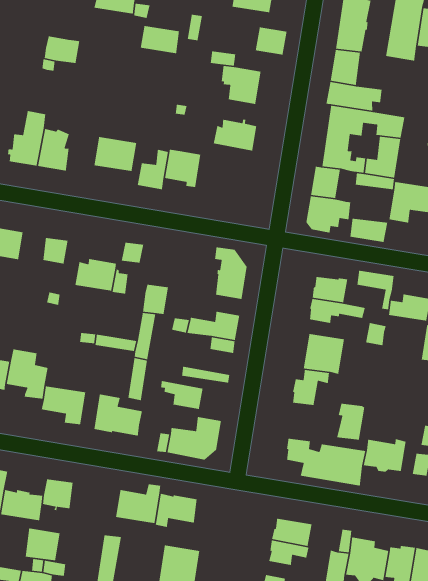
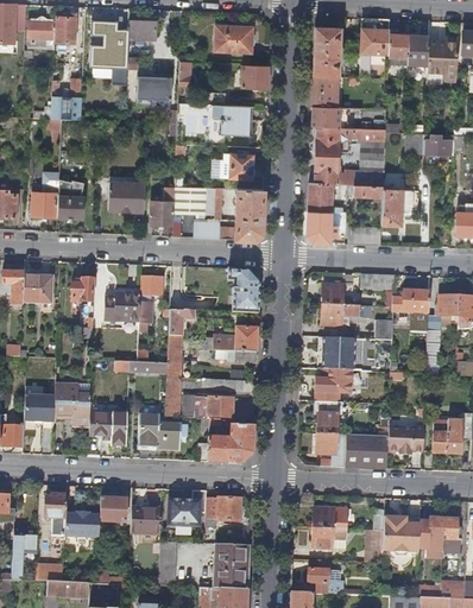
building: none -> [194,186,264,240]
building: [336,403,365,441] -> [314,401,338,433]
building: [25,528,61,561] -> [131,507,160,534]

